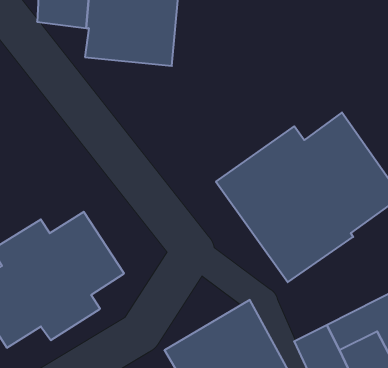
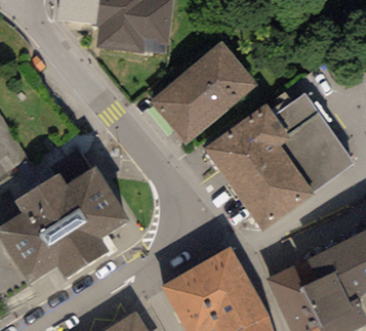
building: none -> [150,41,258,144]

